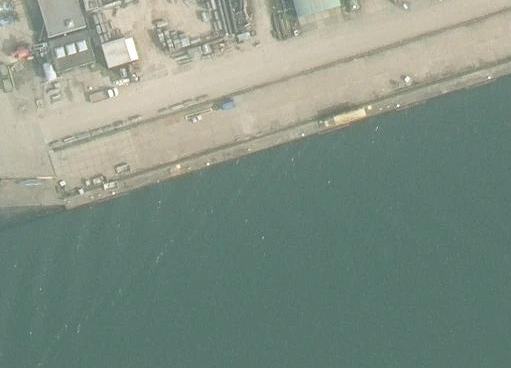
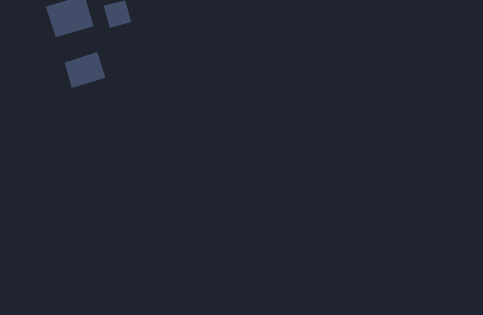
building: none -> [64,51,106,89]

